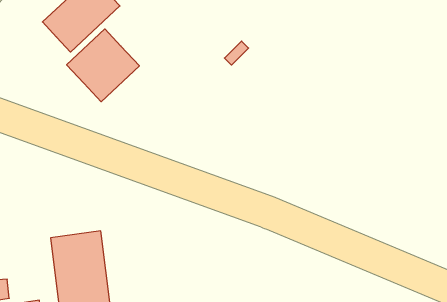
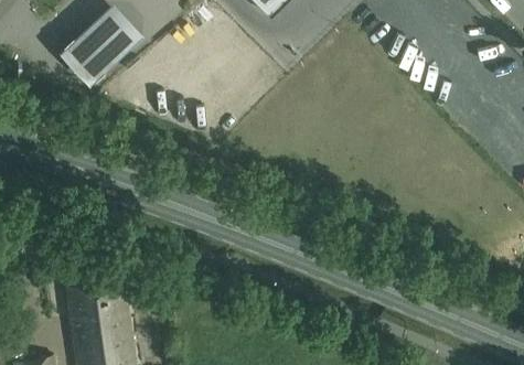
building: [67,29,139,102] -> none

